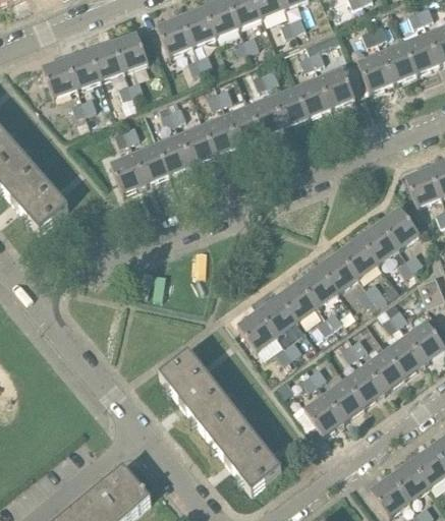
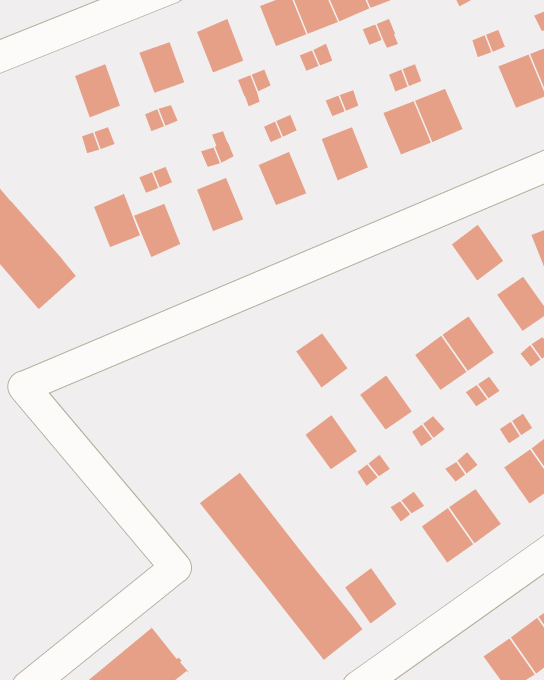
building: [181,5,217,46] -> none
building: [91,40,126,79] -> none
building: [358,50,395,91] -> none
building: [44,57,78,97] -> none
building: [274,84,310,125] -> none
building: [227,104,263,144] -> none
building: [180,123,217,164] -> none
building: [134,141,170,182] -> [93,193,141,248]
building: [360,220,400,263] -> [451,224,504,281]
building: [299,265,339,306] -> none
building: [259,294,298,336] -> [295,332,348,389]
building: [366,348,405,390] -> none
building: [304,392,344,435] -> [344,567,398,625]

